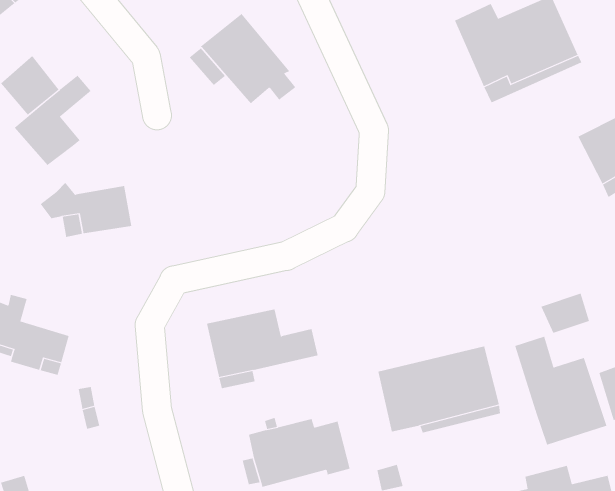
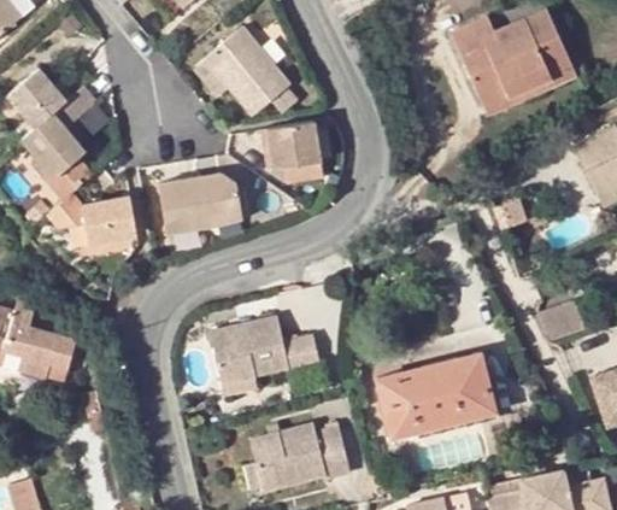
building: none -> [259,121,322,168]
building: none -> [30,157,94,201]
building: none -> [159,172,243,233]
building: [514,336,607,445] -> none

